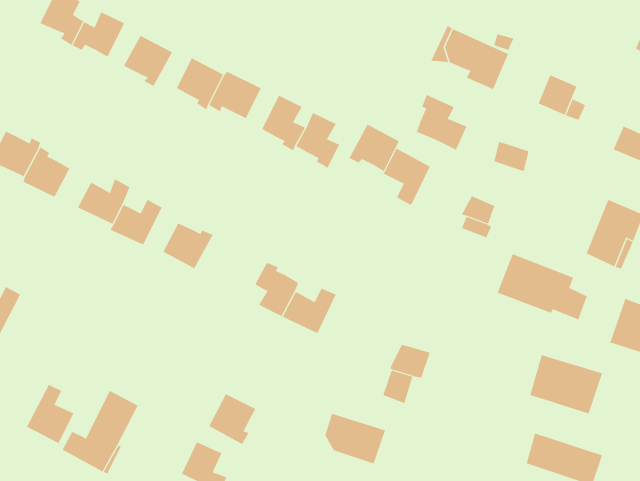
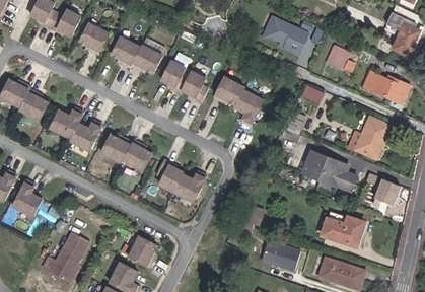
building: [416,94,467,150] -> none
building: none -> [123,139,152,169]
building: [26,384,74,444] -> [14,180,43,216]
building: [325,413,386,464] -> [263,241,299,272]

